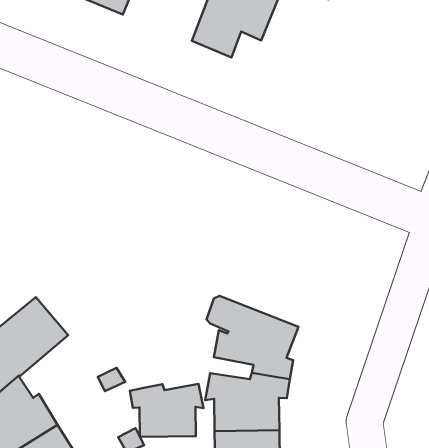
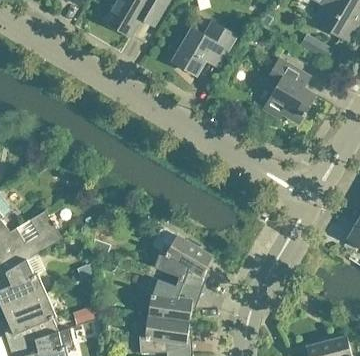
building: none -> [262,58,315,123]
building: [130,384,203,437] -> none

